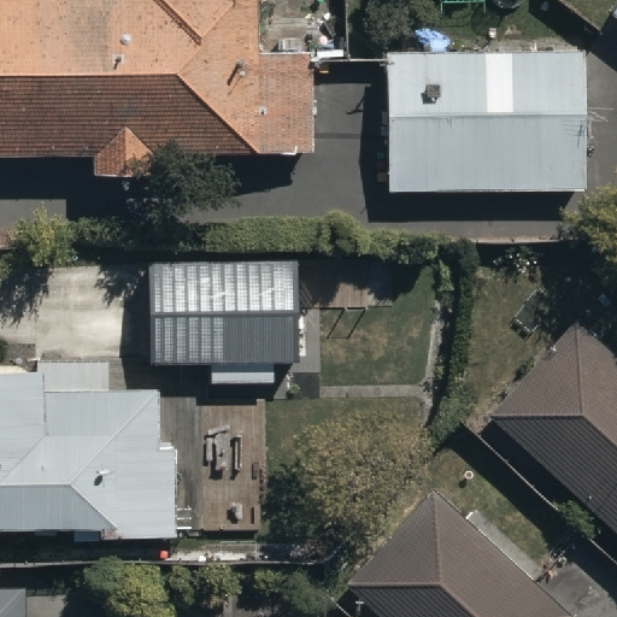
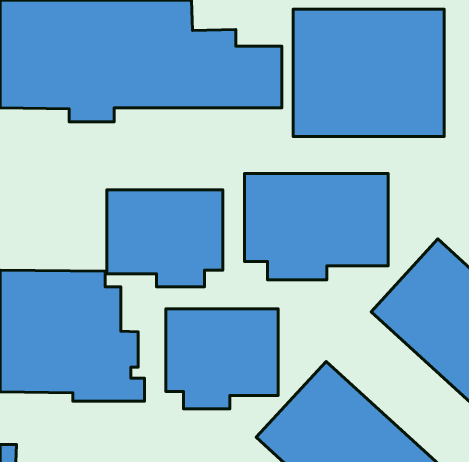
building: none -> [245,174,388,280]
building: none -> [166,309,278,409]

